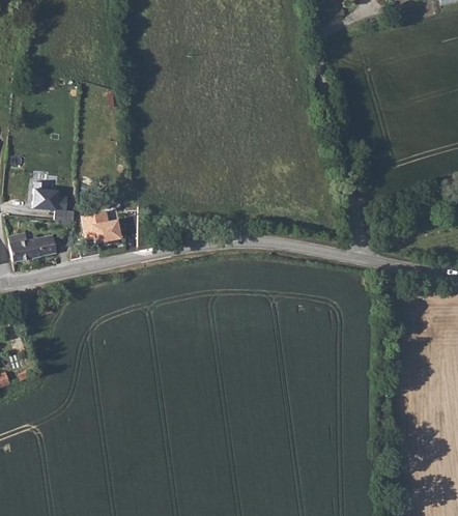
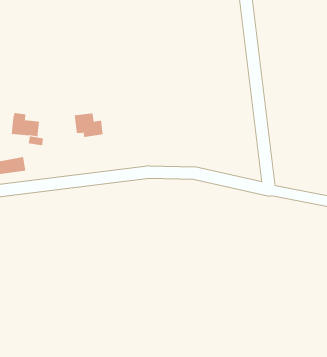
building: [80,207,118,238] -> [74,113,104,137]

